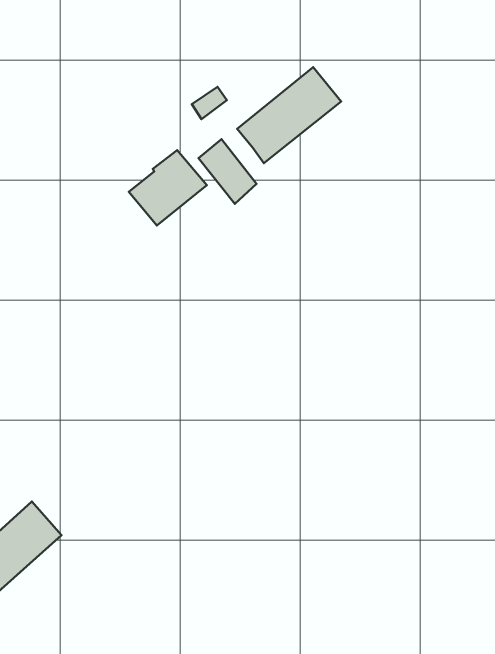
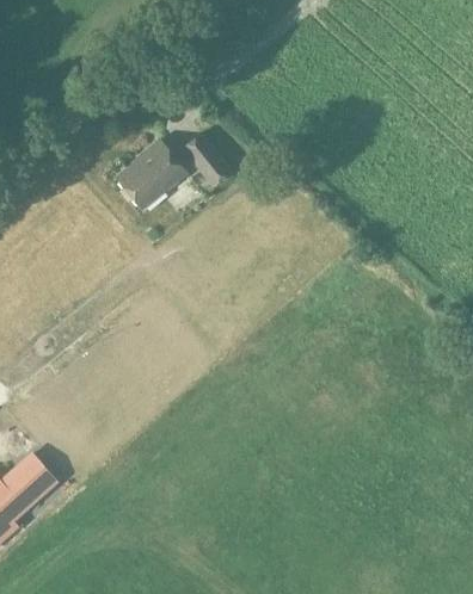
building: [237,67,341,163] -> none

